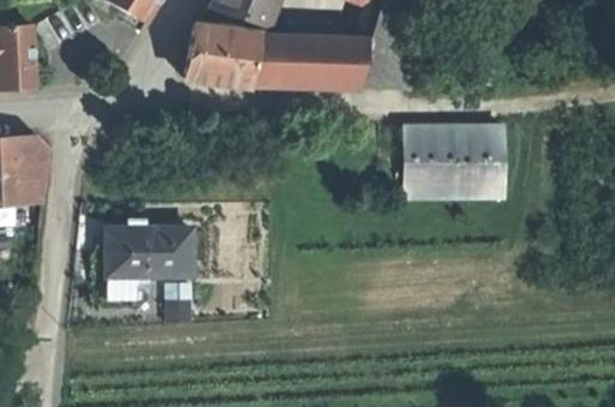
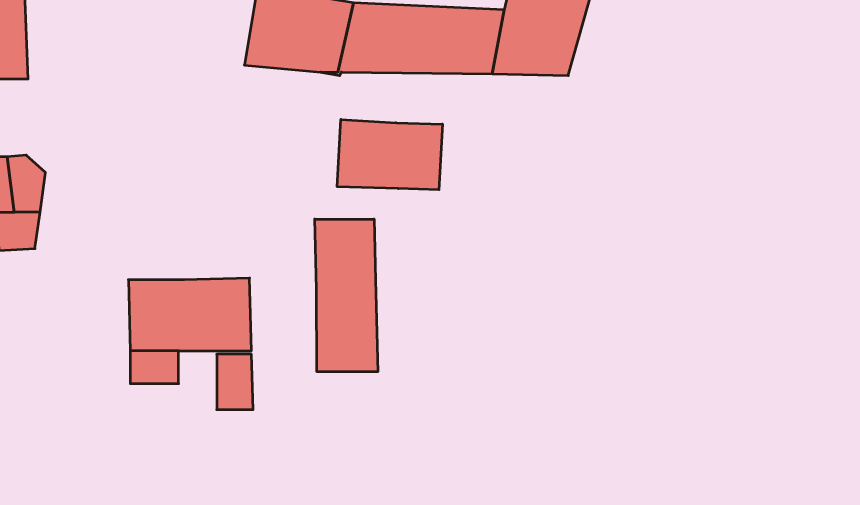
building: none -> [337,119,442,190]
building: [406,124,502,199] -> none
building: none -> [315,219,378,372]

